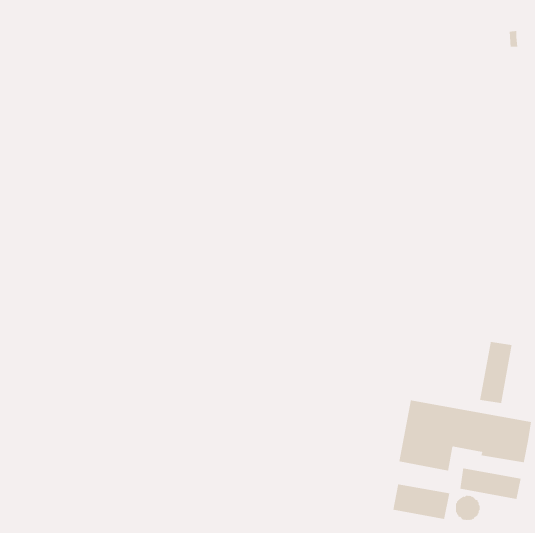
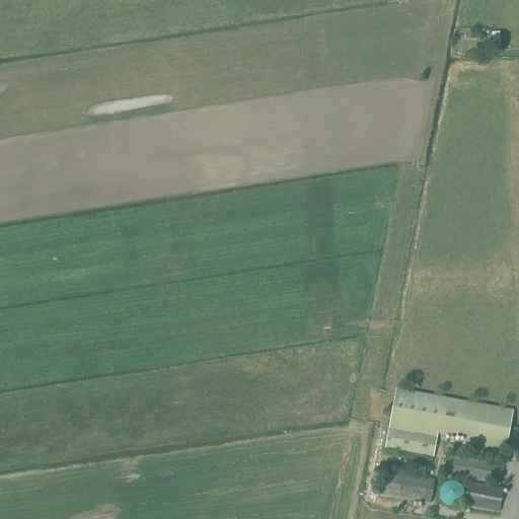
building: [480,341,512,404] -> none
building: none -> [465,479,504,510]

